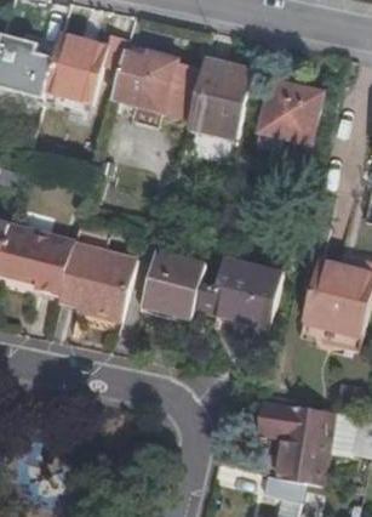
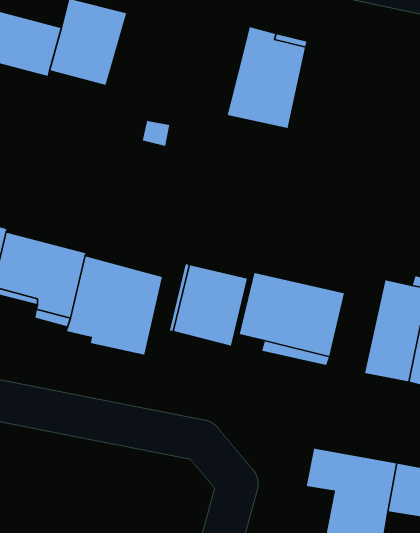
building: [110,51,202,119] -> none
building: [258,80,325,146] -> none

